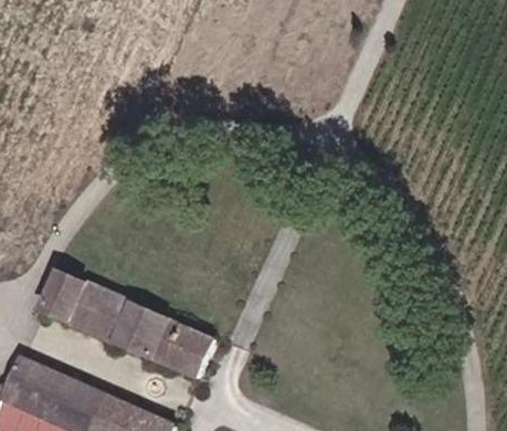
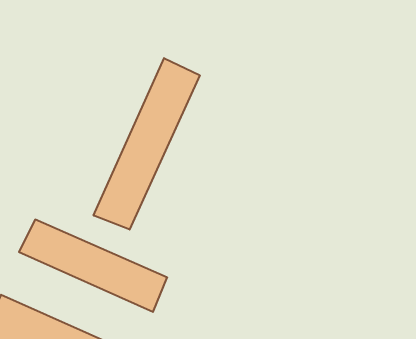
building: none -> [94,58,200,230]

